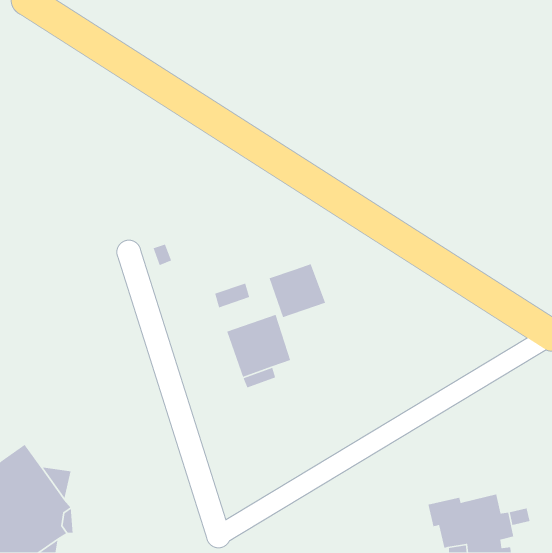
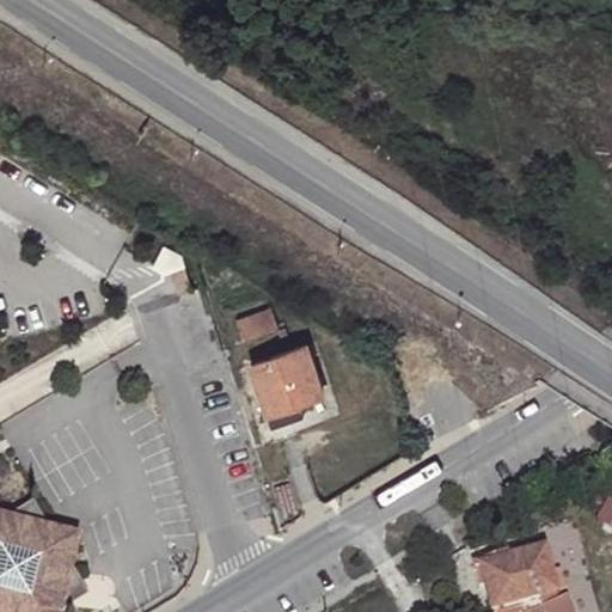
building: [269,263,326,318] -> none

